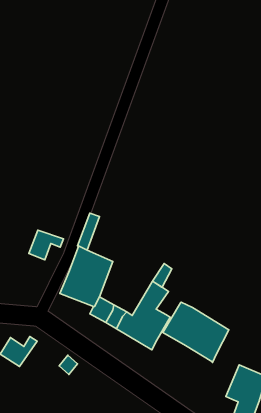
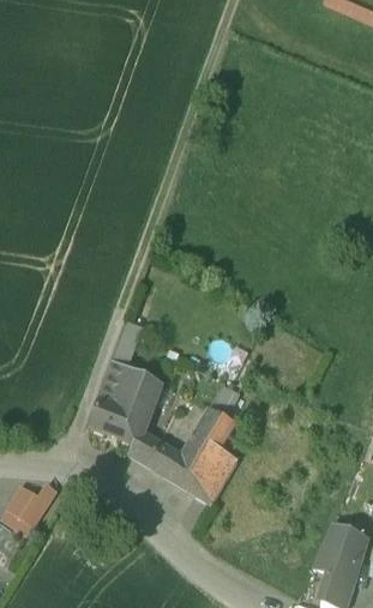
building: [29,230,64,260] -> none
building: [163,302,229,362] -> none

